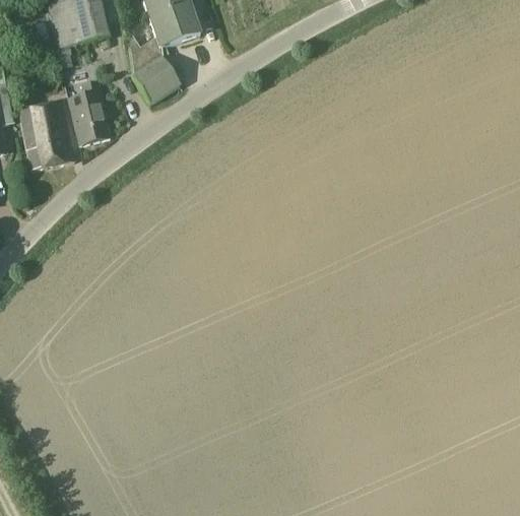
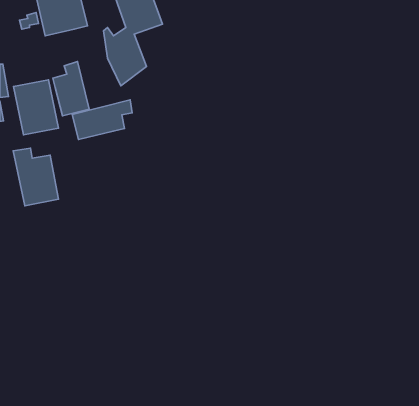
building: none -> [72,100,132,139]
building: none -> [13,148,58,206]

